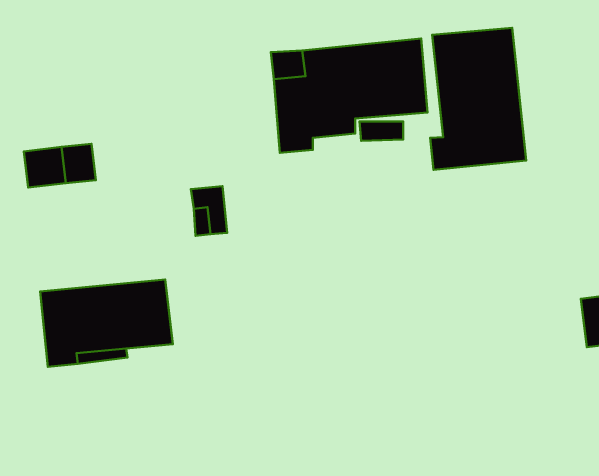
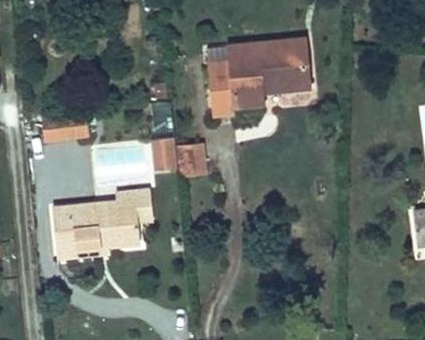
building: [430,28,526,170] -> none
building: none -> [176,144,205,177]

